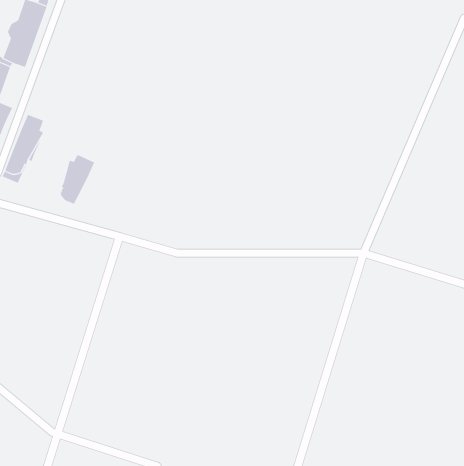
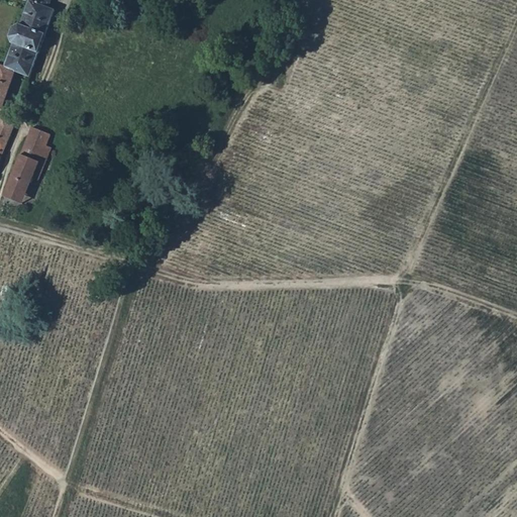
building: [60,154,95,205] -> none

